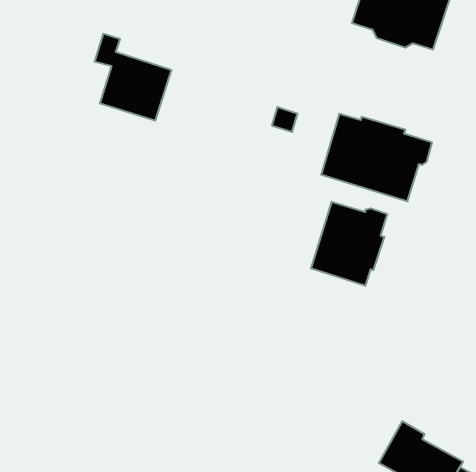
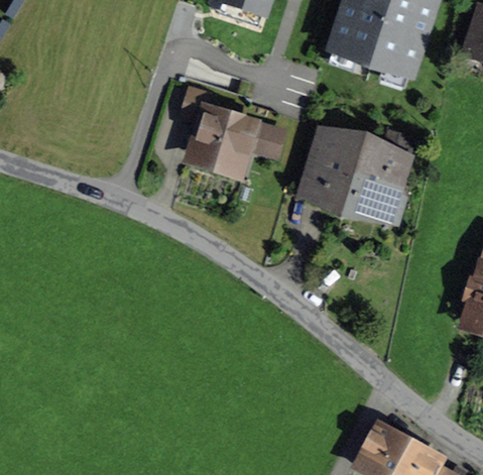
building: [94,34,171,120] -> [184,91,256,172]
building: [311,202,387,286] -> none

